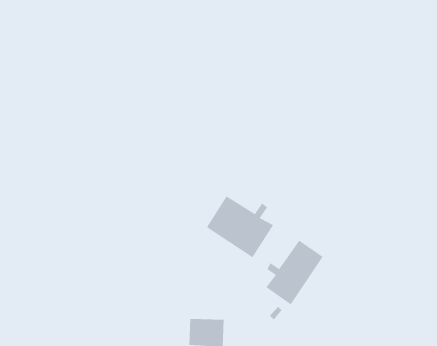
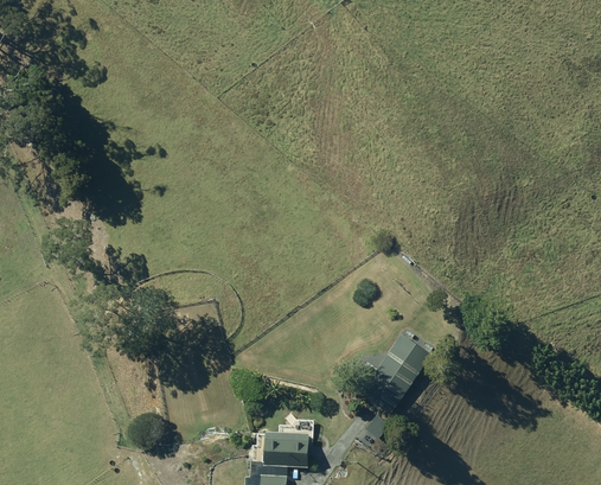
building: [206,196,274,258] -> none

